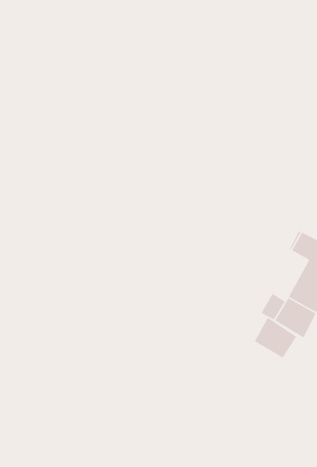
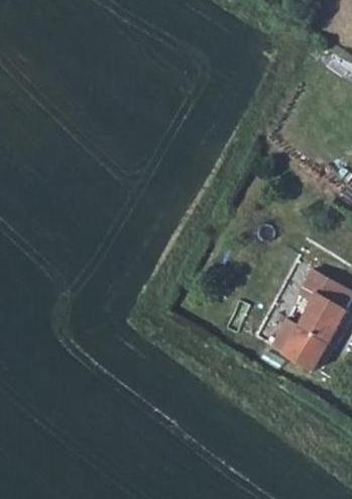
building: [254,317,297,359] -> none

